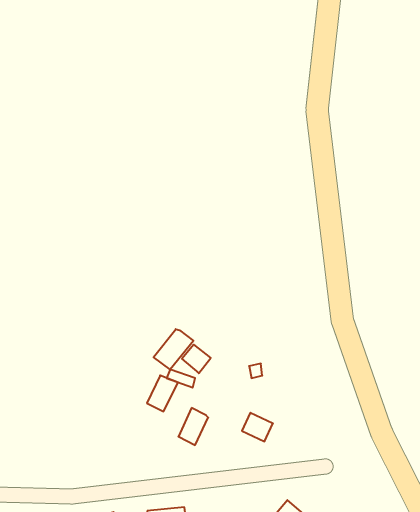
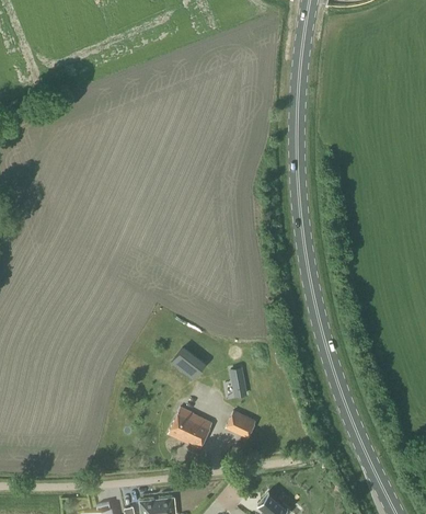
building: [154,329,193,370] -> none
building: [147,375,178,411] -> [184,416,212,449]

